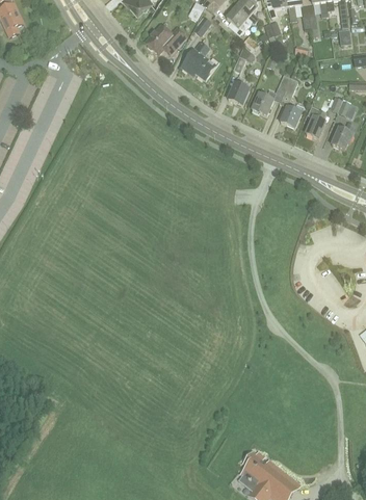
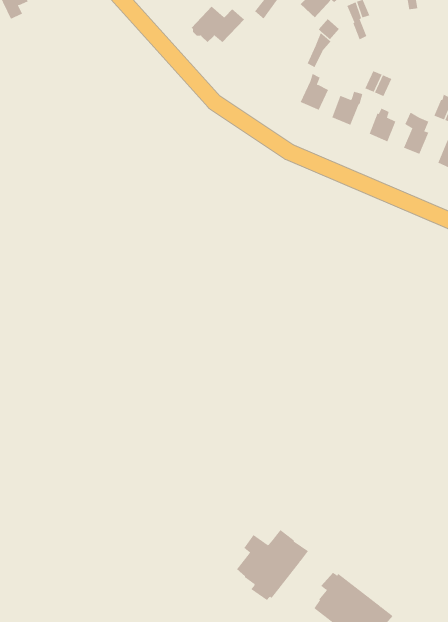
building: [181,41,215,79] -> none
building: none -> [236,529,309,601]

